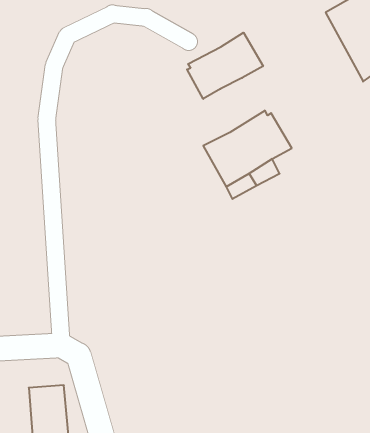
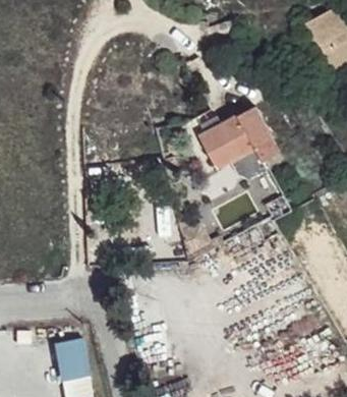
building: [187,33,263,99] -> none

